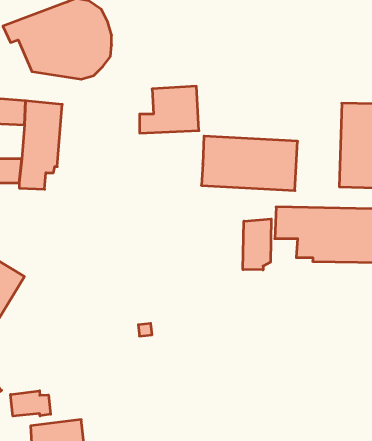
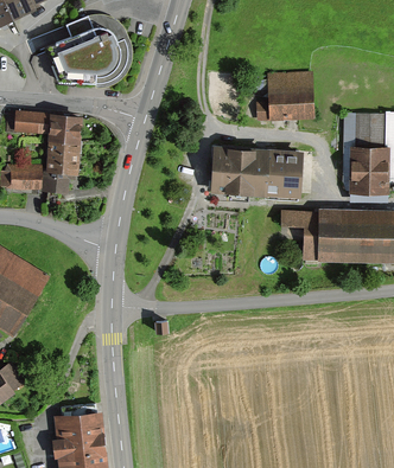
building: [140,86,199,133] -> [255,78,311,122]
building: [243,219,271,270] -> none
building: [11,391,51,416] -> none

